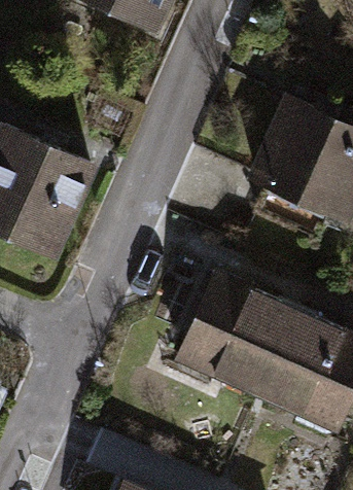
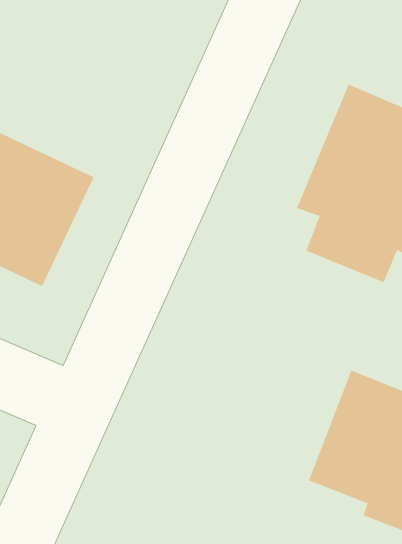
building: [172,278,291,395] -> none

